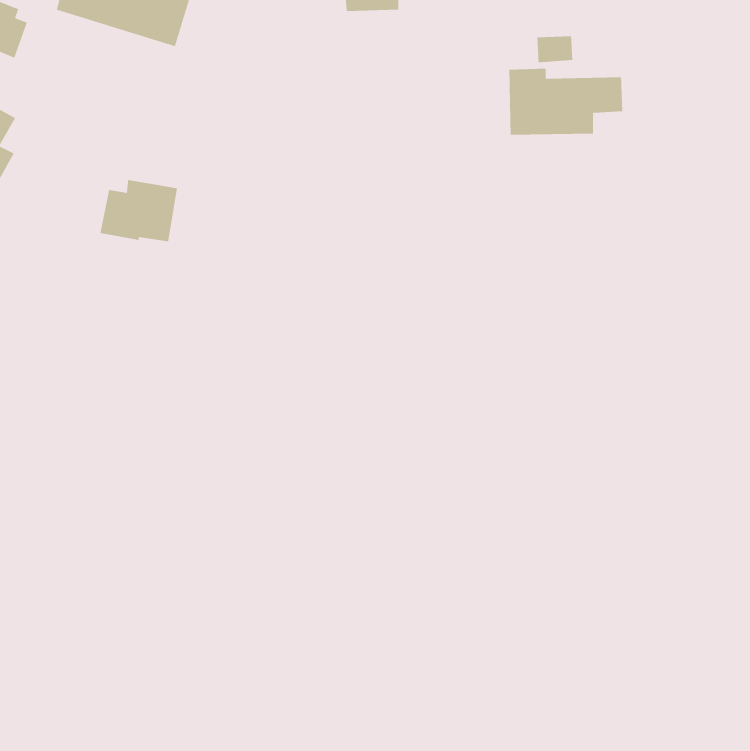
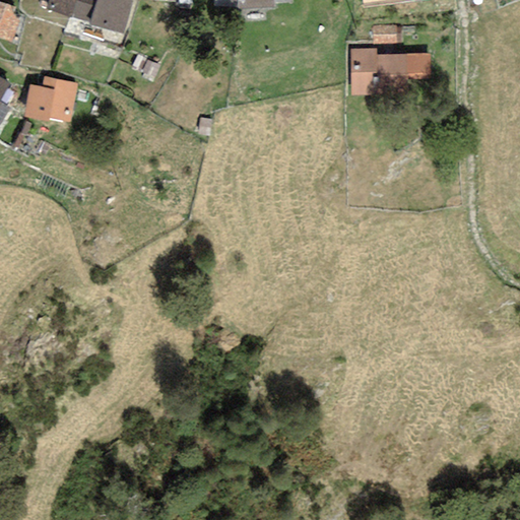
building: [100,179,178,242] -> [24,76,78,120]

